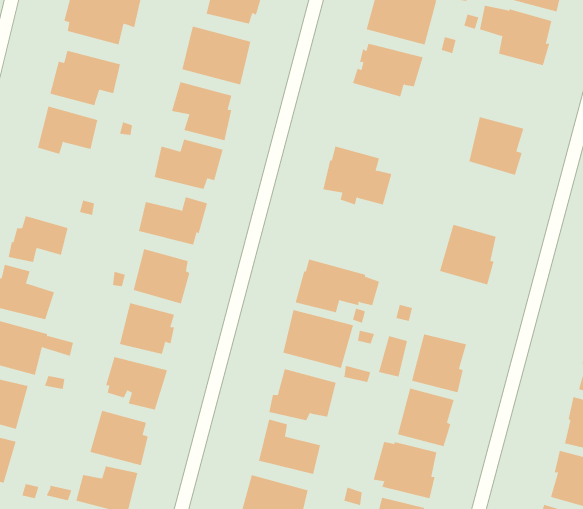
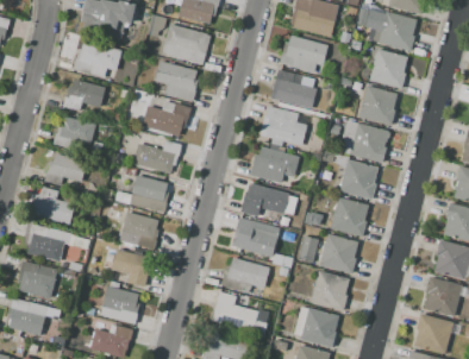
building: none -> [370,50,408,89]
building: none -> [271,70,317,109]
building: none -> [54,115,96,149]
building: none -> [350,122,389,163]
building: none -> [251,147,300,184]
building: none -> [331,197,368,238]

